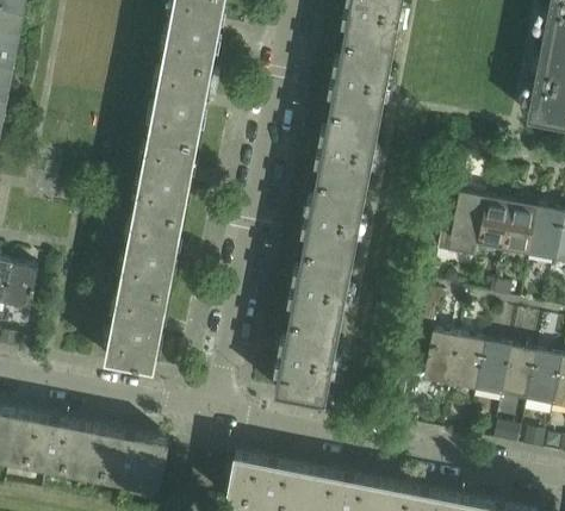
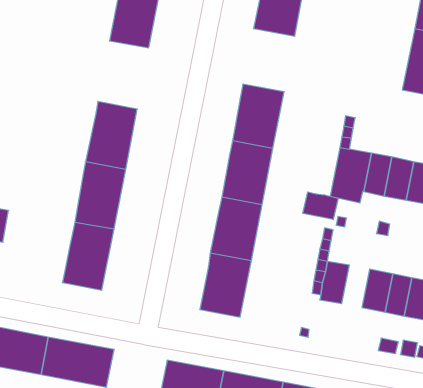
building: [328,43,392,121] -> none
building: [148,58,211,143] -> none
building: none -> [303,192,338,220]
building: [451,337,485,390] -> none

